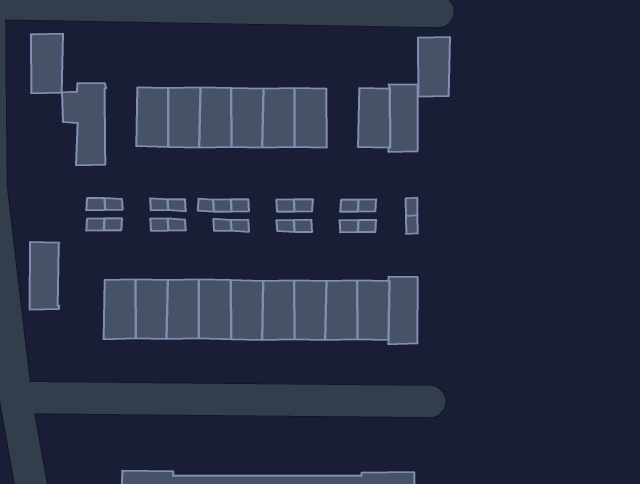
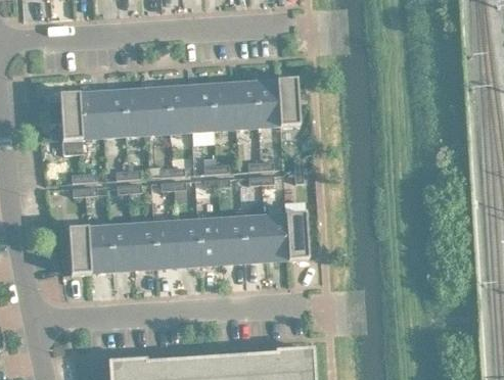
building: [31,34,63,93] -> [80,92,104,135]
building: [418,37,450,96] -> [234,82,259,125]
building: [30,242,59,310] -> [68,225,92,273]

